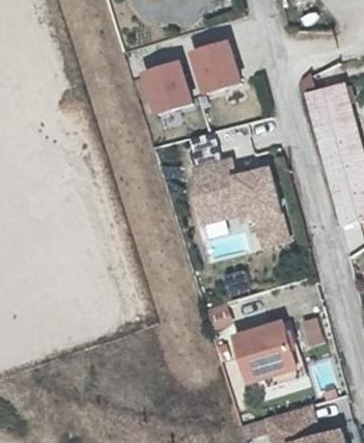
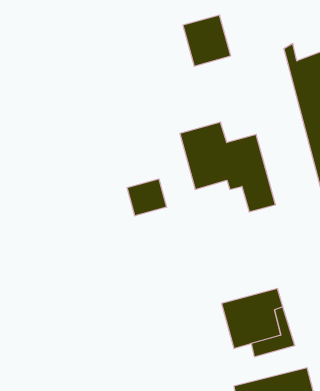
building: [144,65,194,117] -> none
building: none -> [127,179,167,216]

